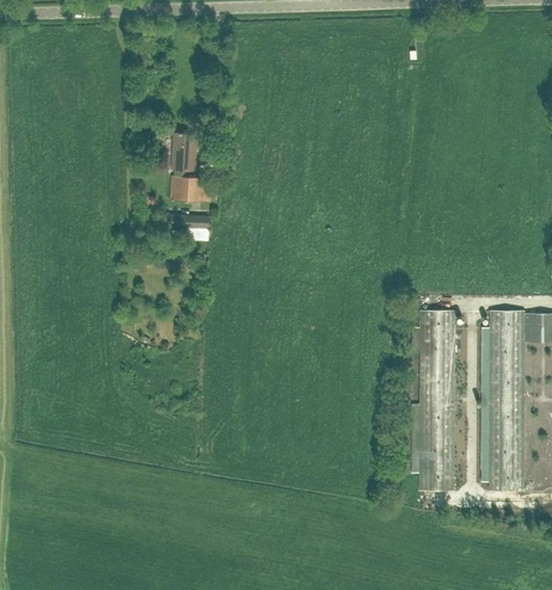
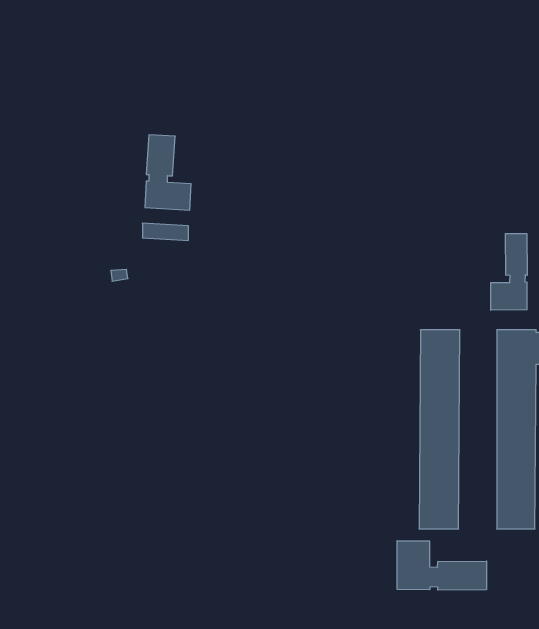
building: none -> [491,234,527,310]
building: none -> [397,541,487,590]

